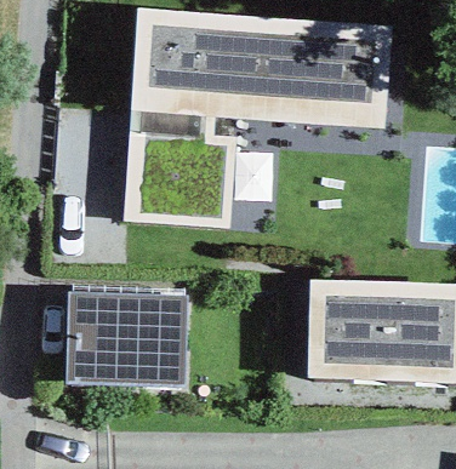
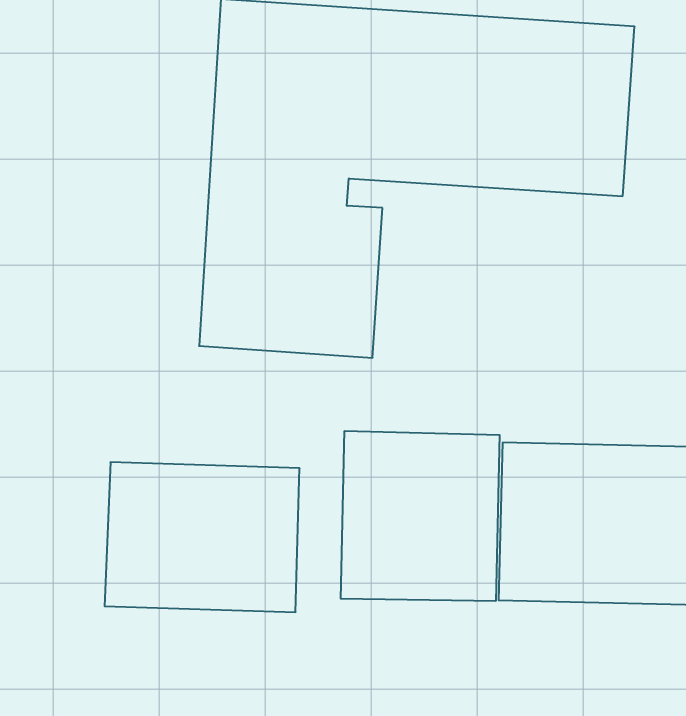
building: none -> [341,431,500,601]

